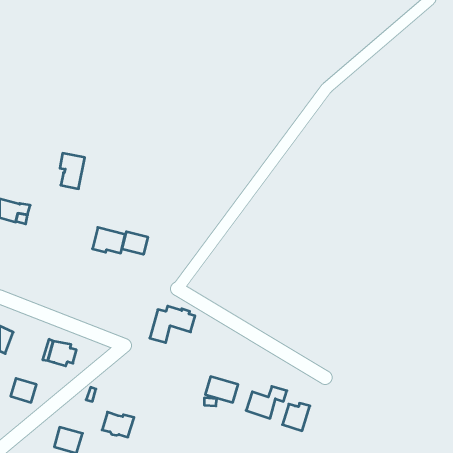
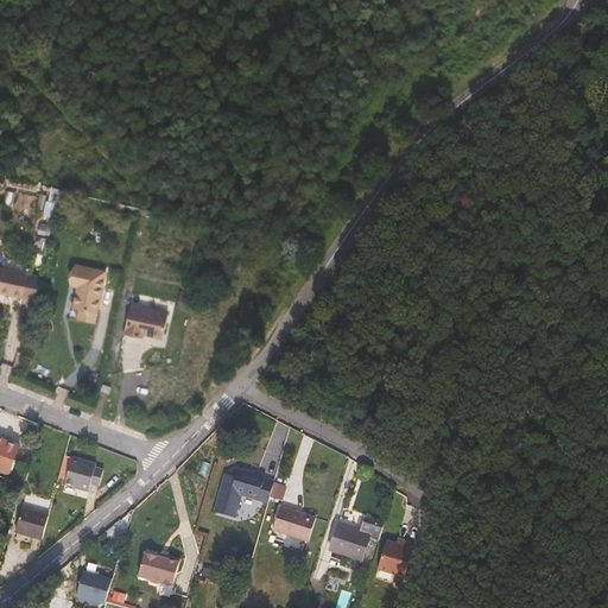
building: [60,153,85,189] -> [68,262,101,310]
building: [122,232,148,254] -> none
building: [150,306,195,343] -> [213,466,273,514]

